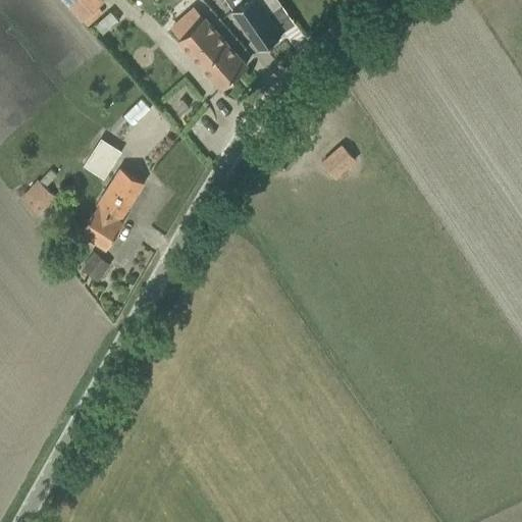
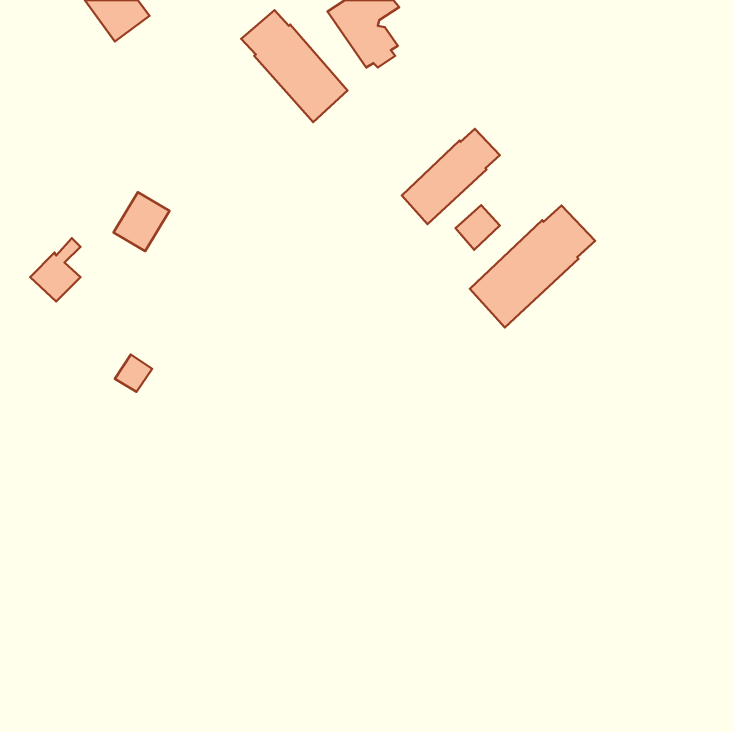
building: none -> [402,129,500,224]
building: none -> [470,205,595,327]
building: [81,169,144,249] -> none

